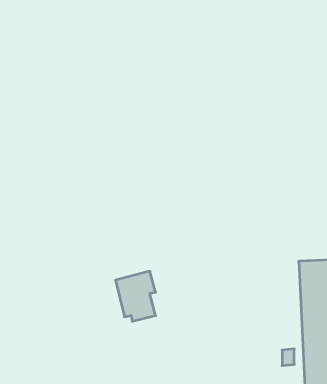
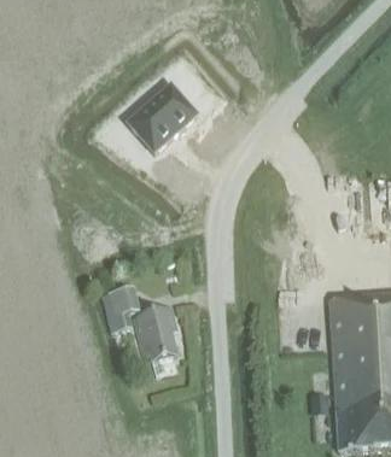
building: none -> [127,78,197,147]
building: none -> [99,280,139,327]

